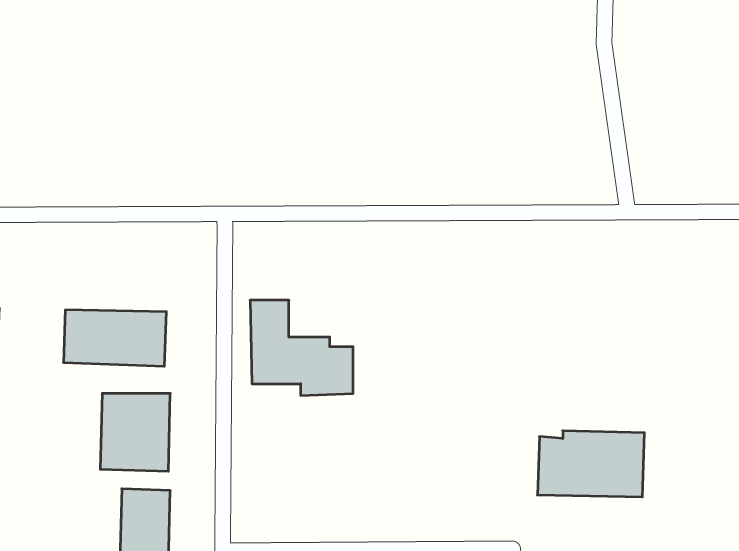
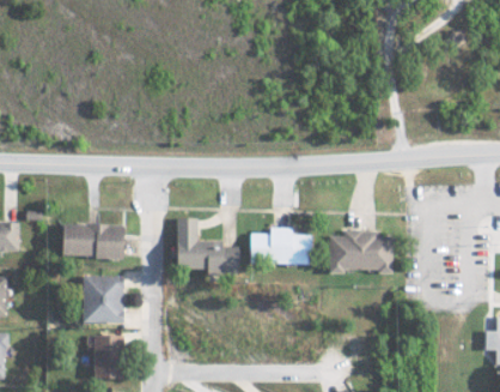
building: none -> [246,230,306,265]
building: [537,431,644,497] -> [328,231,394,272]

